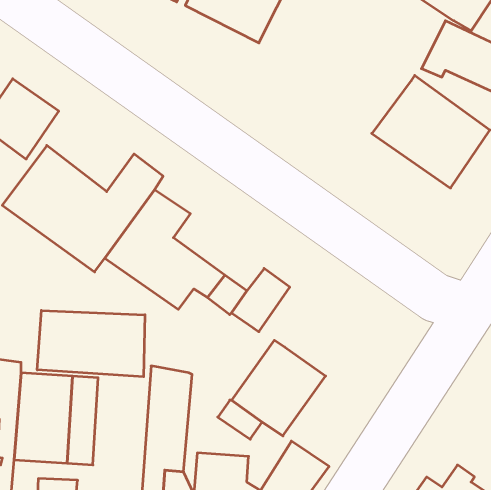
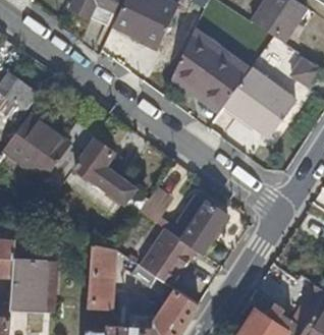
building: none -> [171,33,247,107]
building: none -> [171,194,228,254]
building: [37,310,145,377] -> none

